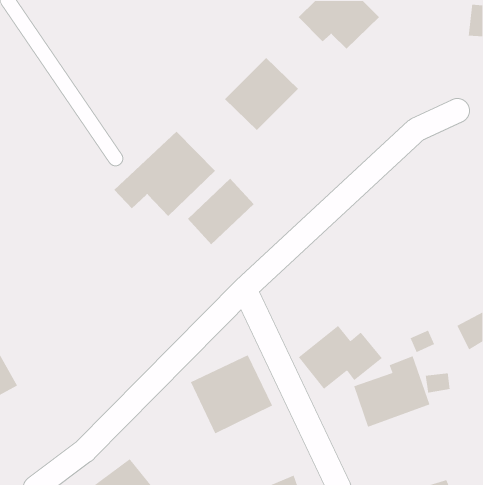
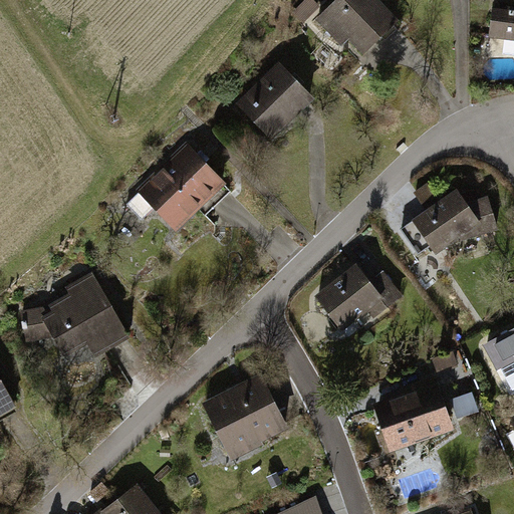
building: none -> [410,186,498,253]
building: [187,178,254,245] -> none
building: none -> [23,272,131,358]
building: [298,325,383,390] -> [314,264,404,332]

